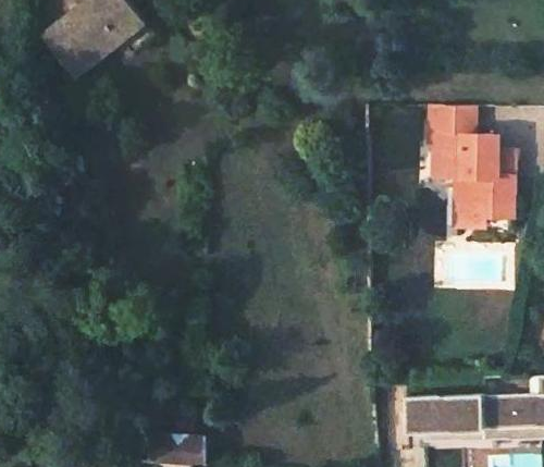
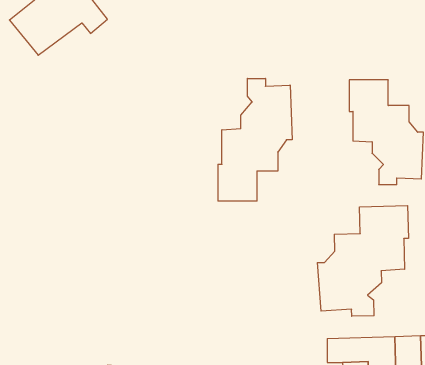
building: none -> [218,78,292,201]
building: none -> [317,206,408,316]

